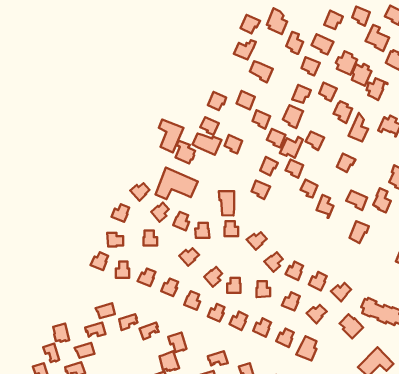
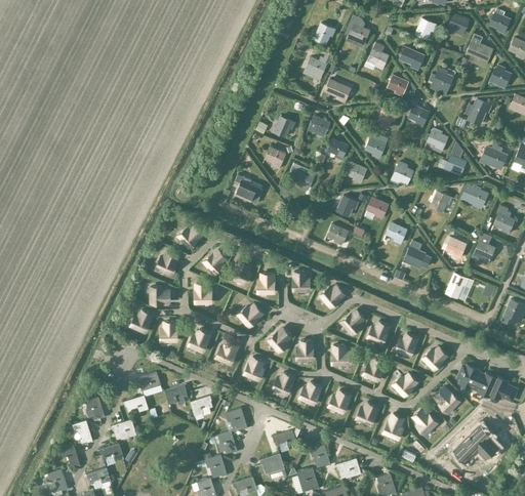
building: [352,64,371,86] -> none
building: [159,119,183,152] -> none
building: [192,133,221,155] -> none
building: [280,137,303,158] -> none
building: none -> [459,182,489,210]
building: [156,168,198,199] -> none
building: [219,191,234,215] -> none
building: none -> [410,406,439,436]

